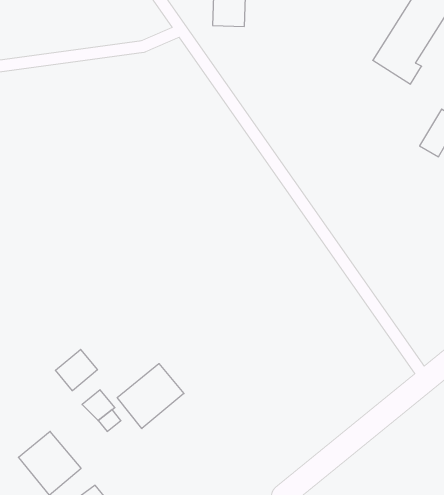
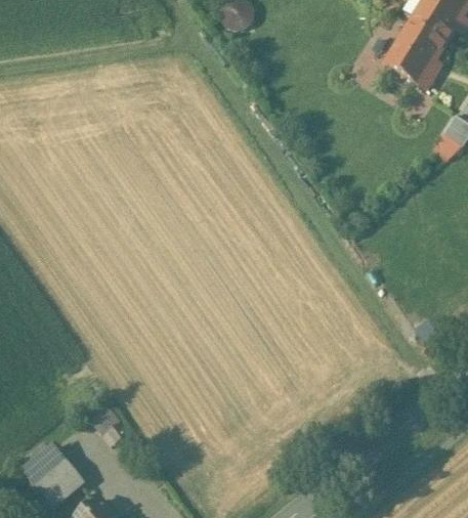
building: [55,349,97,391] -> none
building: [117,364,184,429] -> none

